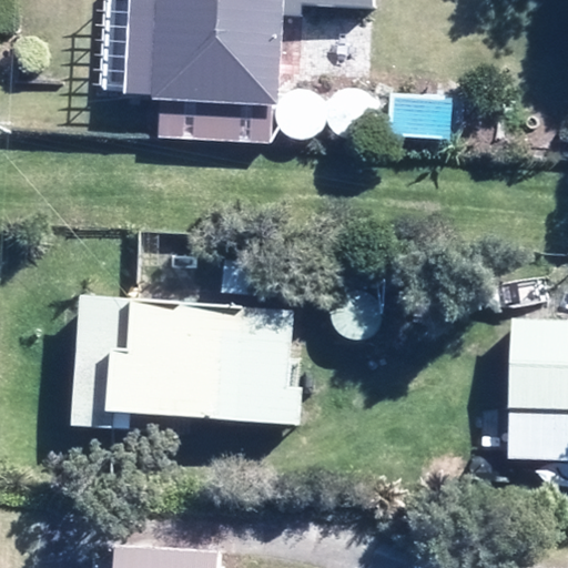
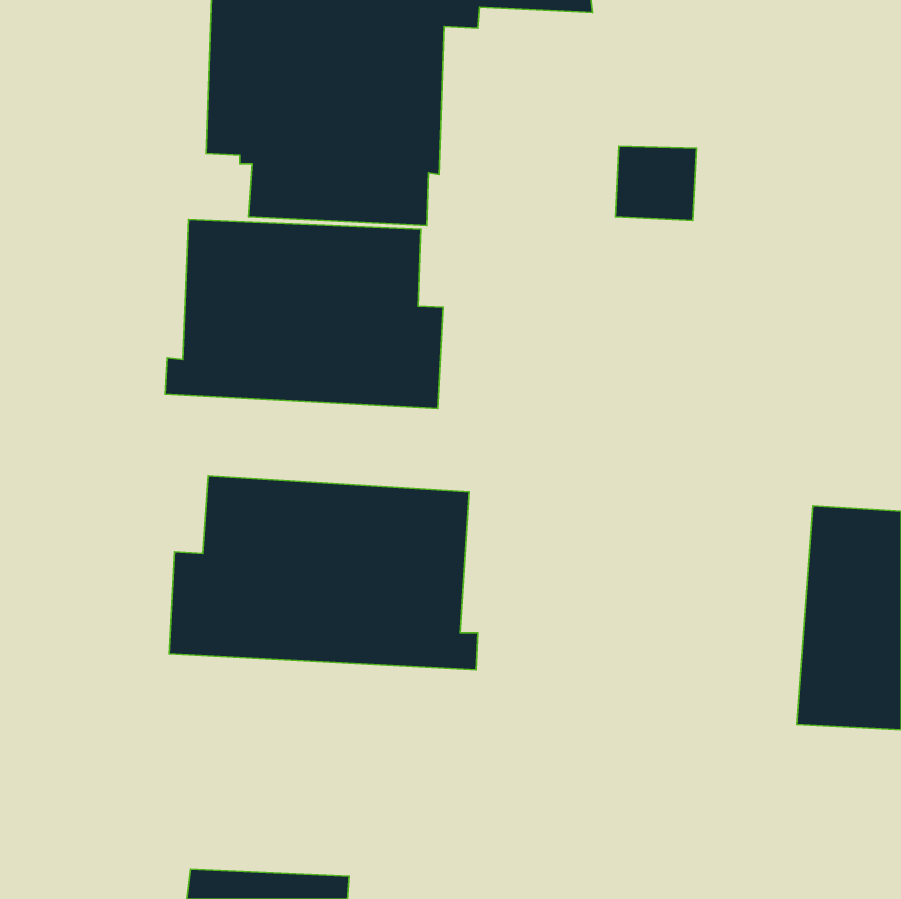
building: none -> [165,220,443,408]

